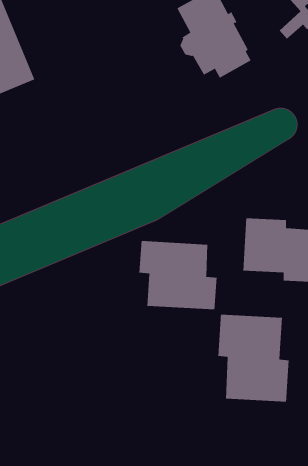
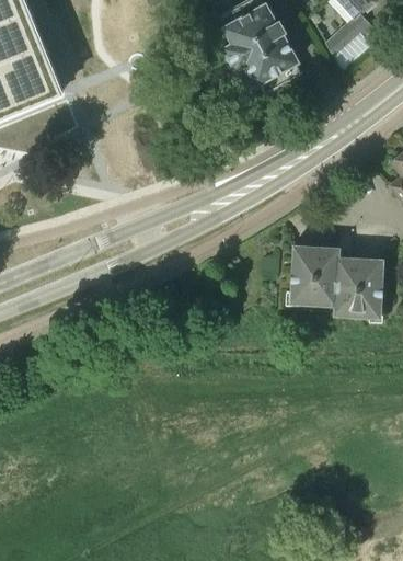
building: [139,240,217,310] -> none
building: [218,314,289,403] -> none

